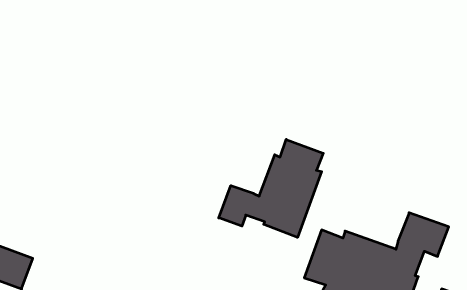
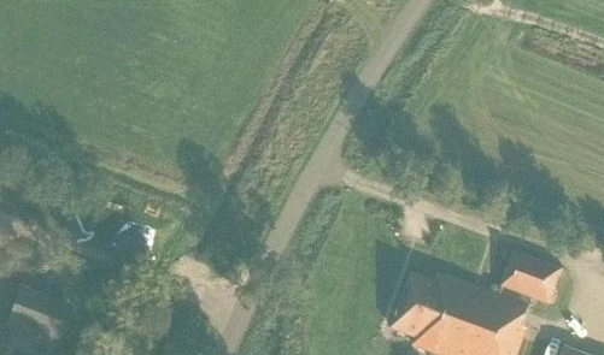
building: [219,139,323,237] -> none

